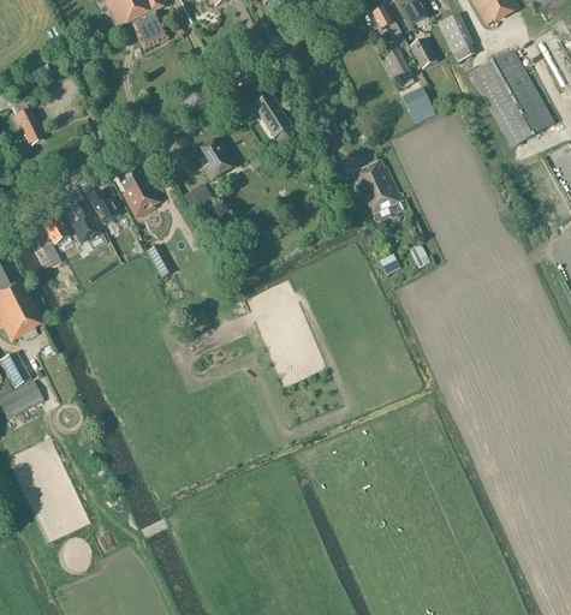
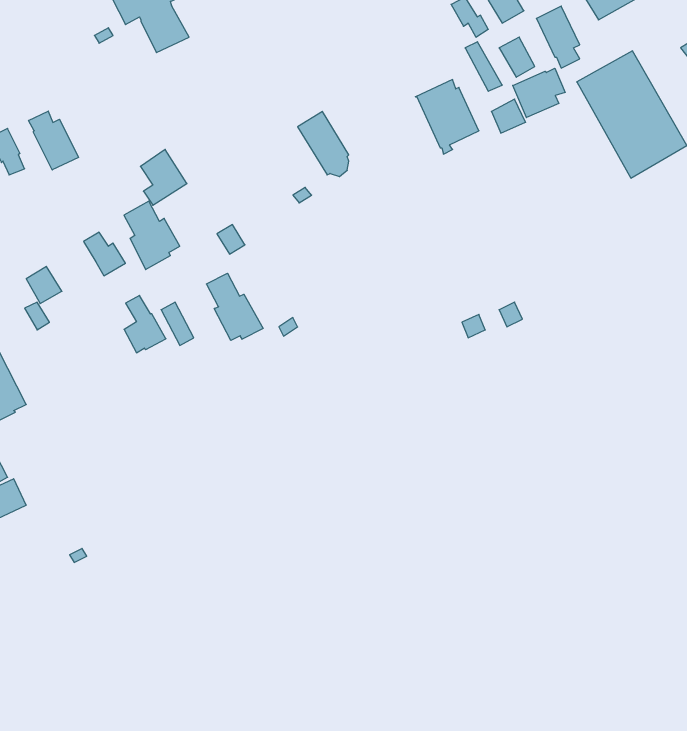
building: none -> [513,68,565,118]
building: none -> [29,111,78,170]
building: [201,136,237,179] -> [140,149,187,205]
building: [351,160,400,217] -> [415,80,479,154]
building: [71,198,103,243] -> [124,295,166,353]
building: none -> [206,273,263,340]

